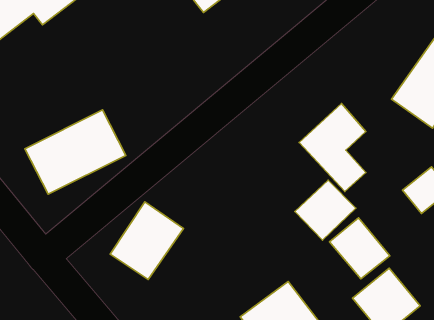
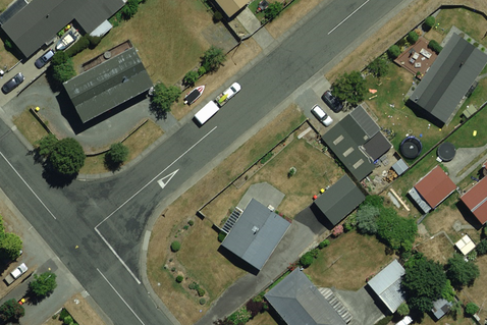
building: [25,110,126,194] -> [67,46,160,123]
building: [110,202,184,280] -> [219,196,286,267]
building: [329,218,390,279] -> none

